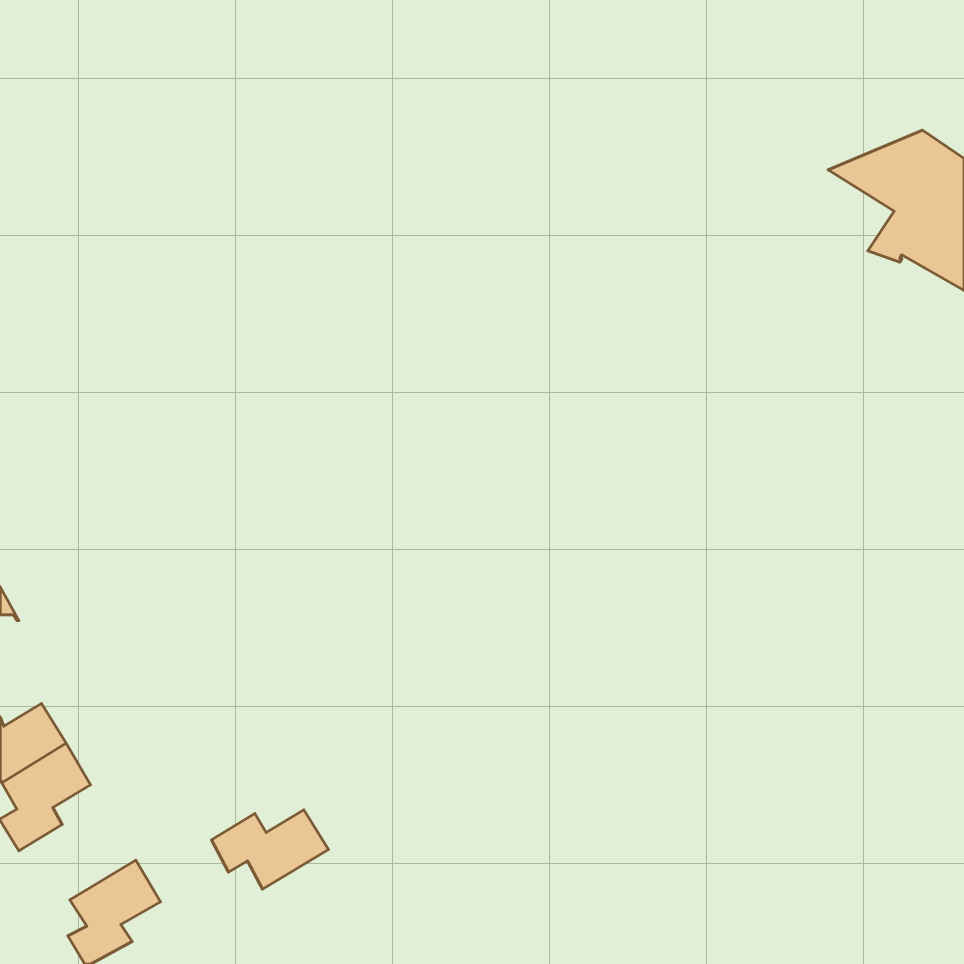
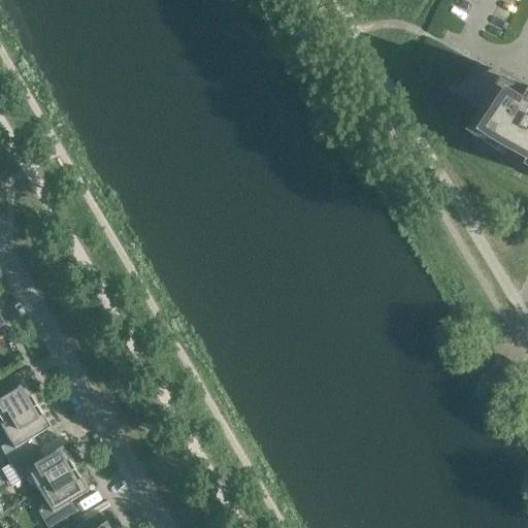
building: [212,810,328,889] -> [10,449,74,492]

